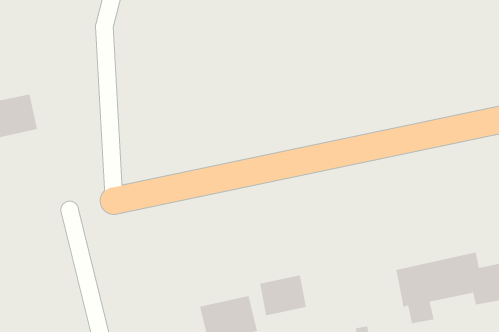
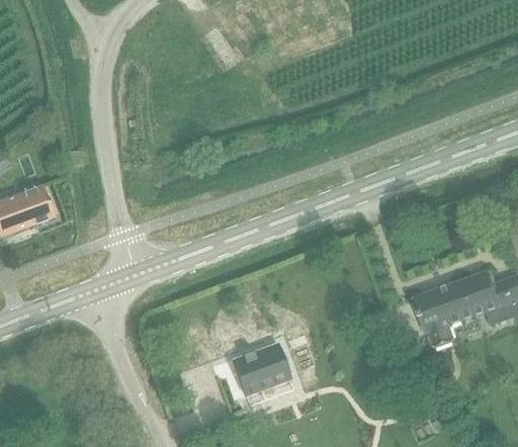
building: [259,274,306,316] -> none

